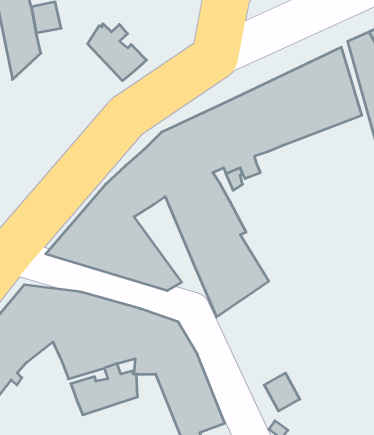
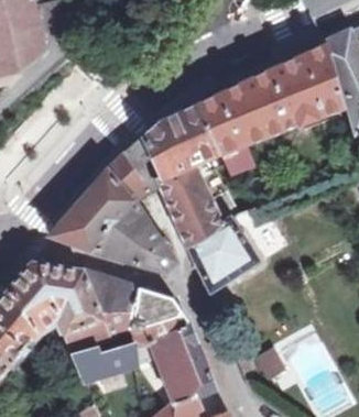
building: [88,24,147,81] -> none

